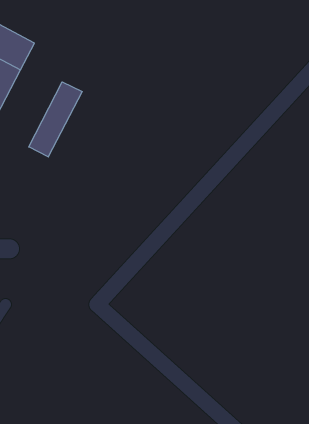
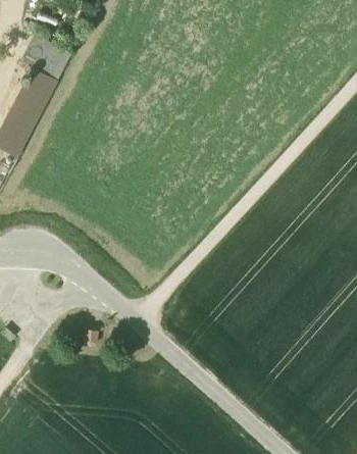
building: [29,82,82,157] -> none

